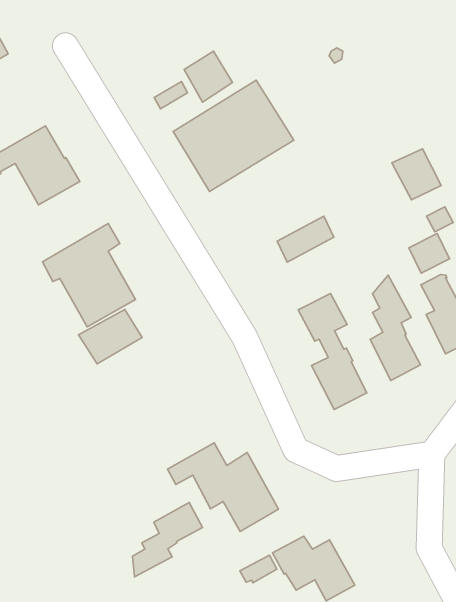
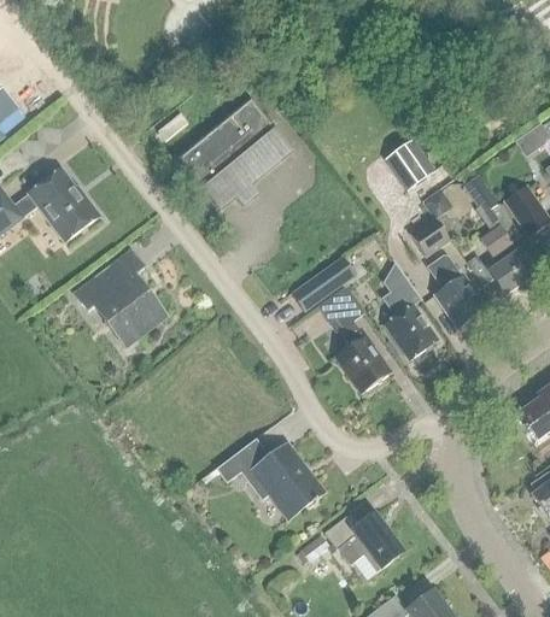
building: [184,51,233,102] -> none
building: [277,216,334,262] -> [292,264,344,311]
building: [79,309,142,364] -> none
building: [133,503,203,577] -> none

